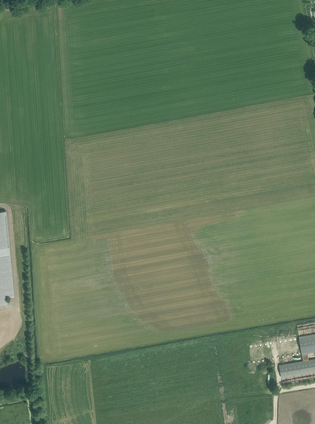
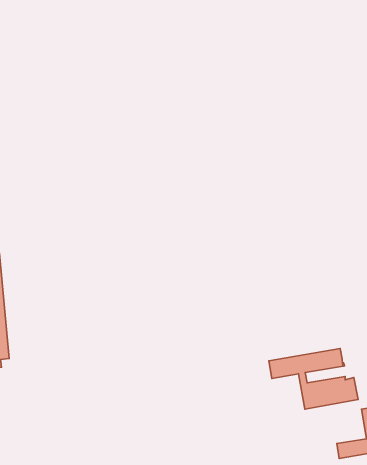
building: none -> [269,349,358,409]

